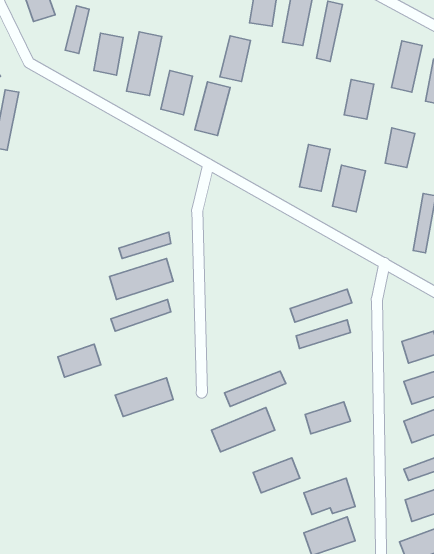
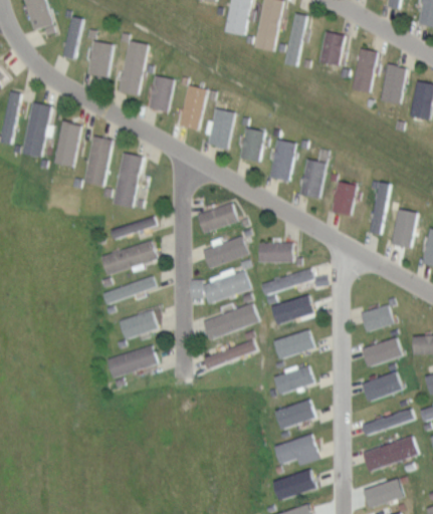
building: [220,36,251,81] -> [207,108,234,149]
building: [344,79,374,119] -> [318,31,345,66]
building: none -> [21,102,50,159]
building: none -> [53,121,81,168]
building: [385,128,415,168] -> [331,181,357,216]
building: none -> [239,127,265,163]
building: none -> [84,136,113,186]
building: none -> [113,153,142,208]
building: none -> [197,202,239,235]
building: none -> [203,236,248,268]
building: none -> [258,242,293,263]
building: none -> [202,270,250,304]
building: [58,344,101,377] -> [120,310,158,339]
building: none -> [274,329,314,358]
building: [211,407,275,452] -> [203,301,259,340]
building: [253,458,300,493] -> [275,399,316,430]

